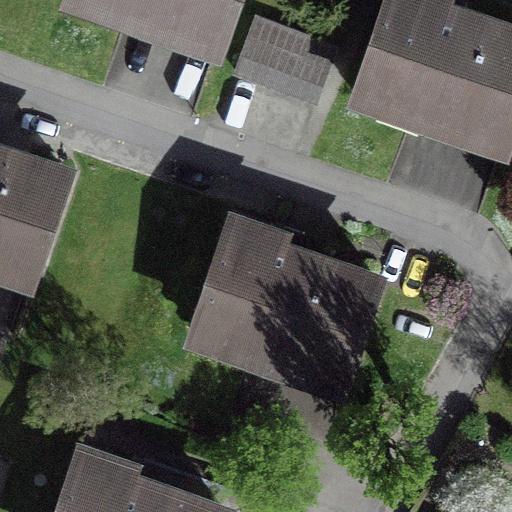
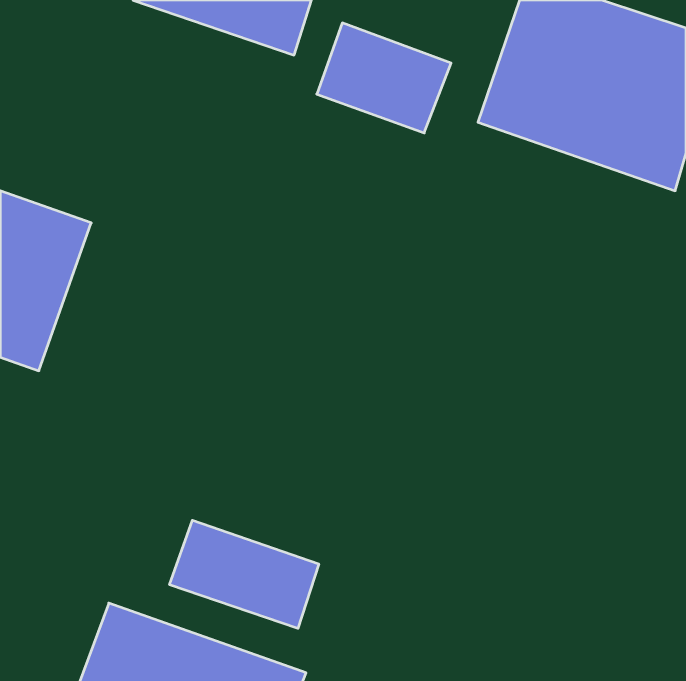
building: [189,225,379,385] -> none
building: none -> [170,520,319,628]

